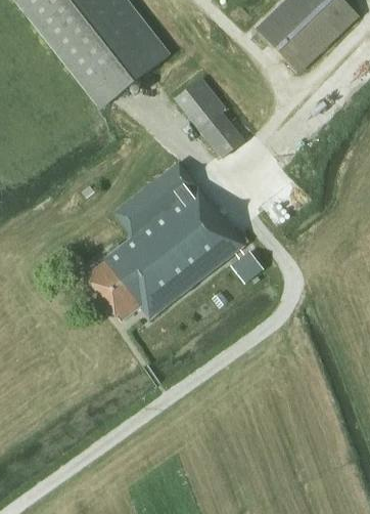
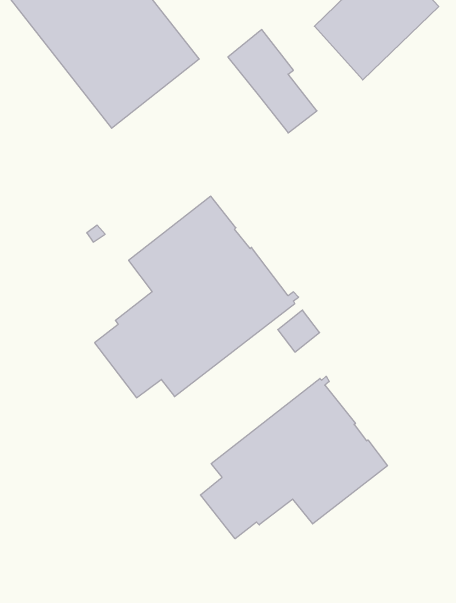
building: [174,77,243,158] -> [228,30,317,133]
building: none -> [200,376,387,539]

